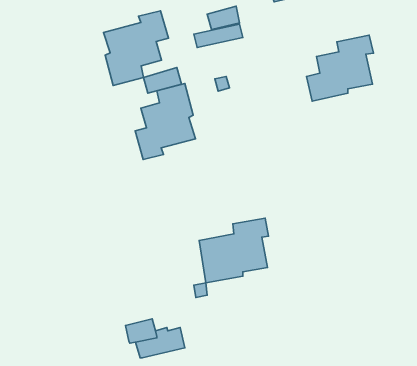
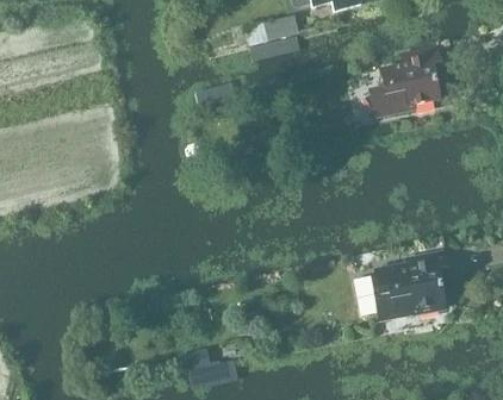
building: [104,11,168,85] -> none
building: [135,84,195,159] -> none
building: [199,218,269,283] -> [371,251,445,320]

